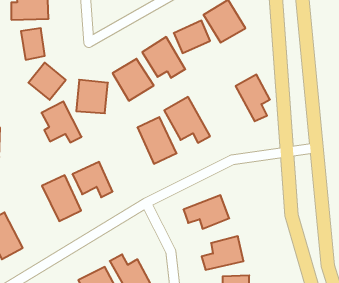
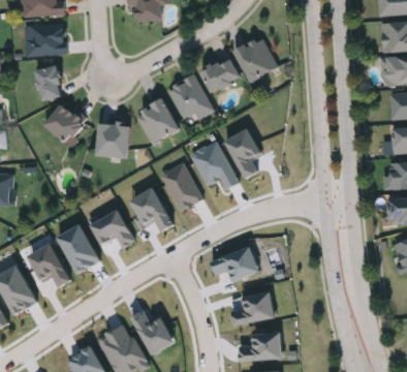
building: [236,75,270,121] -> [225,128,262,179]
building: [41,101,82,142] -> [130,187,174,231]
building: none -> [28,243,72,287]

